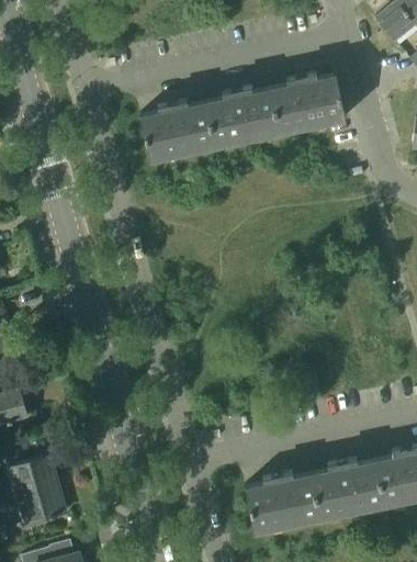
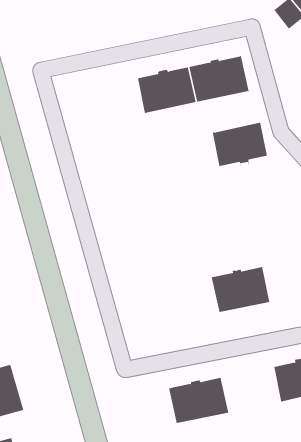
building: [140,103,215,161] -> none
building: none -> [212,122,267,167]
building: [311,461,384,518] -> [211,267,270,313]

